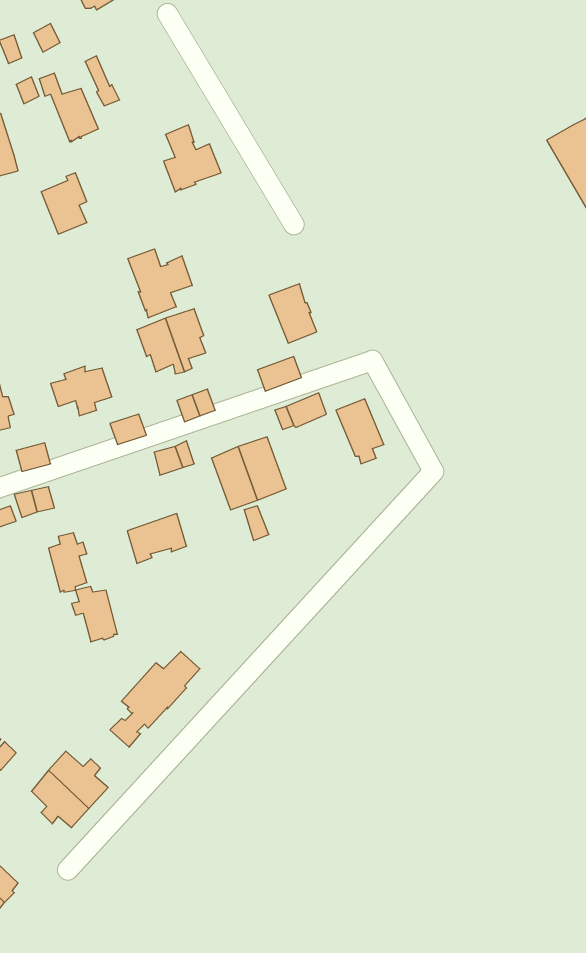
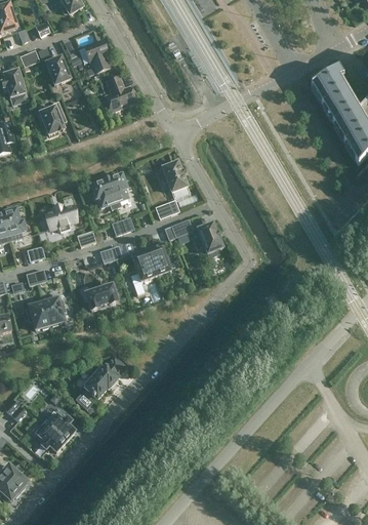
building: none -> [78,38,109,71]
building: [128,249,192,318] -> none
building: [72,586,118,642] -> [25,299,49,329]

